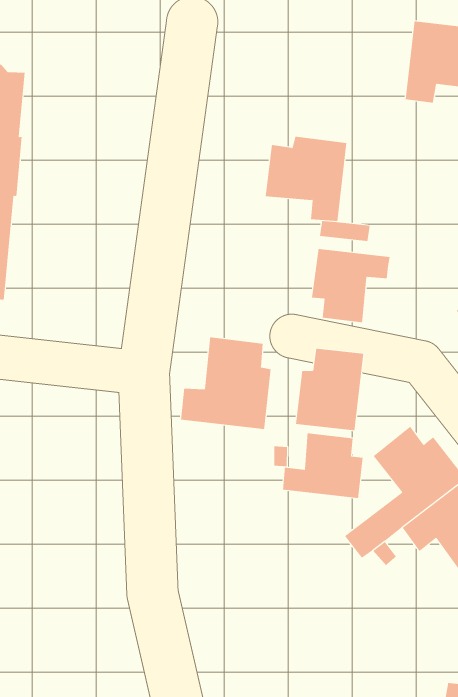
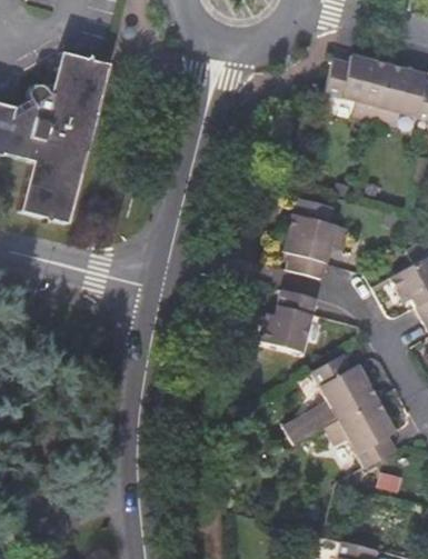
building: [265,136,347,221] -> [325,54,389,120]
building: [181,336,271,430] -> none
building: [283,432,363,499] -> none

